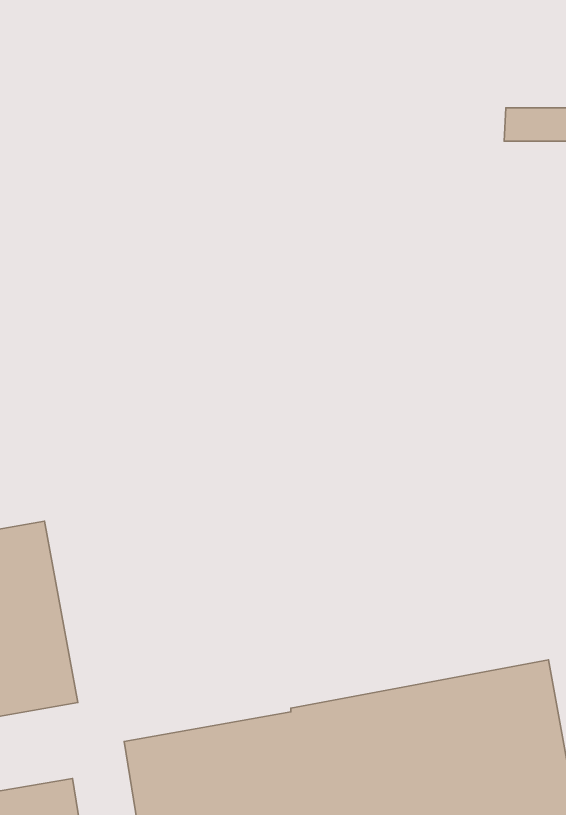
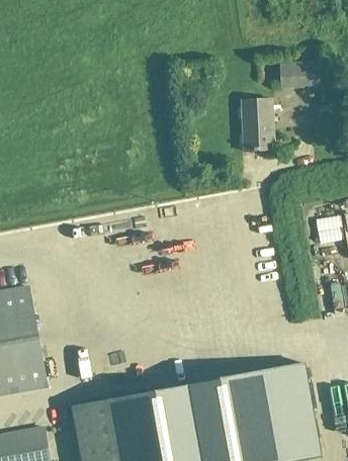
building: none -> [241,90,274,145]

